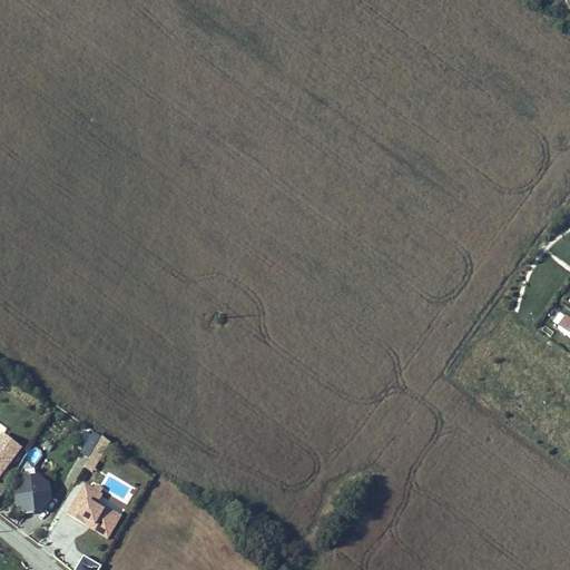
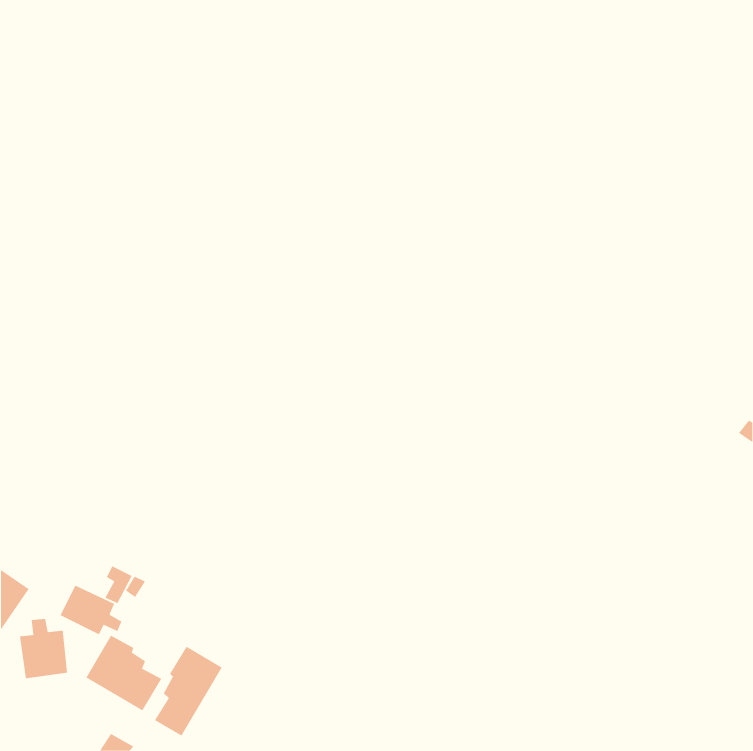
building: none -> [60,585,122,635]
building: none -> [154,646,222,737]

